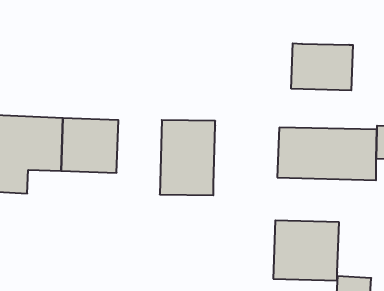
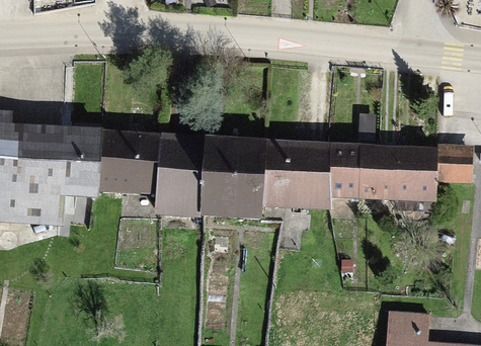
building: [291,43,353,90] -> none
building: none -> [153,138,196,219]
building: [273,220,339,281] -> [258,144,329,208]

